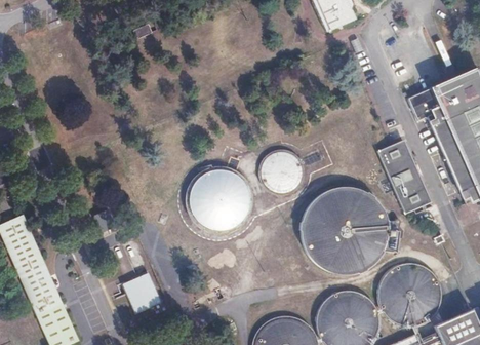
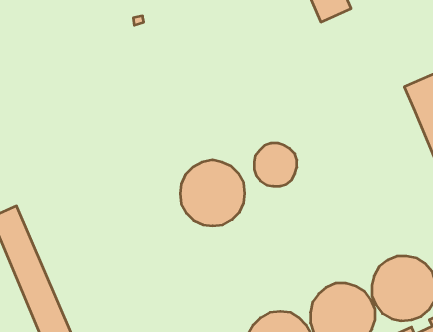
building: [377,144,425,214] -> none
building: [302,185,397,273] -> none
building: [121,270,156,308] -> none

